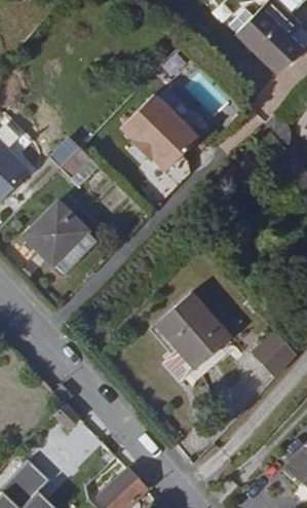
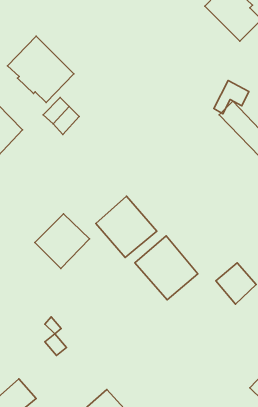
building: [123,94,199,170] -> [7,36,74,103]
building: [26,201,88,263] -> [35,214,90,269]
building: none -> [96,196,157,258]

